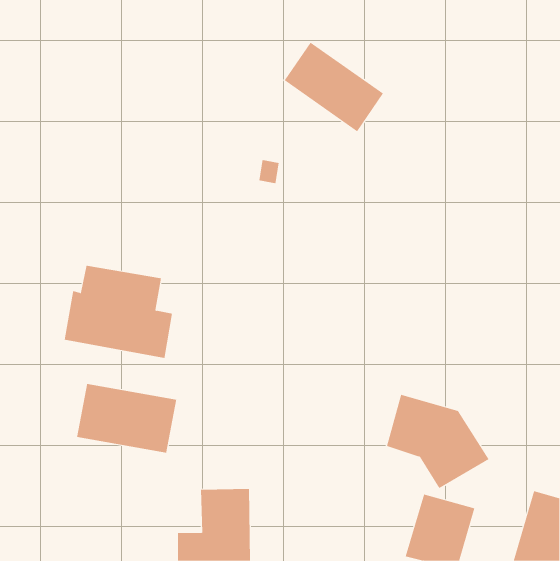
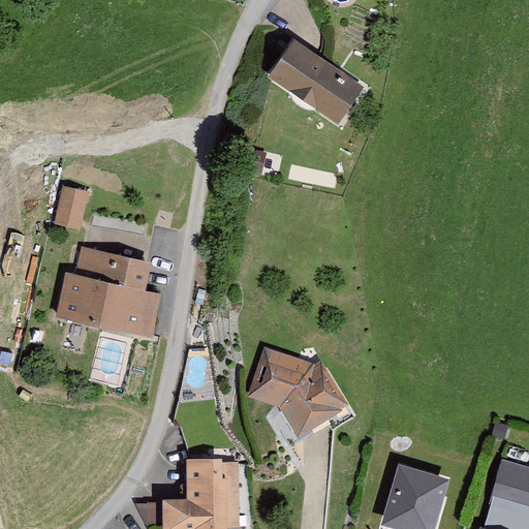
building: none -> [53,186,87,228]
building: [77,383,177,453] -> none
building: [386,394,490,489] -> [252,348,349,437]

